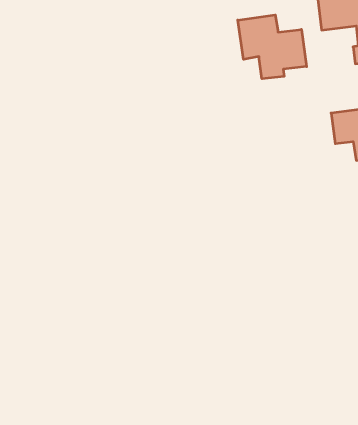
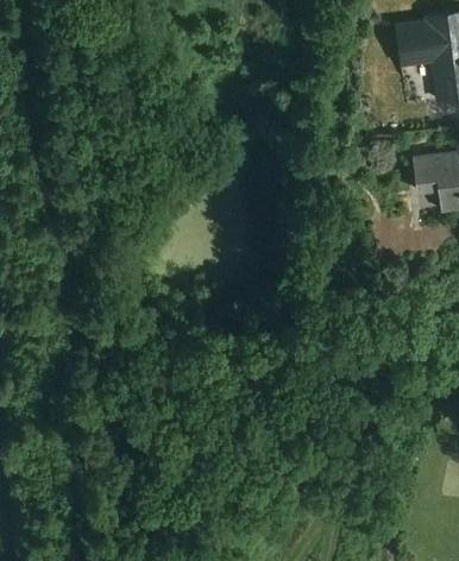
building: [238,15,307,79] -> none

